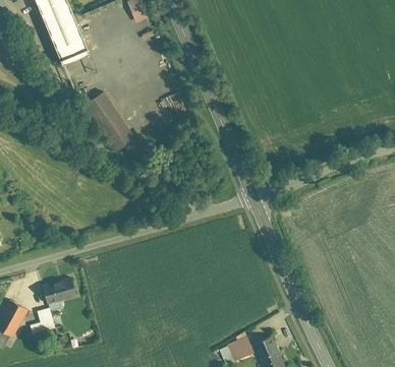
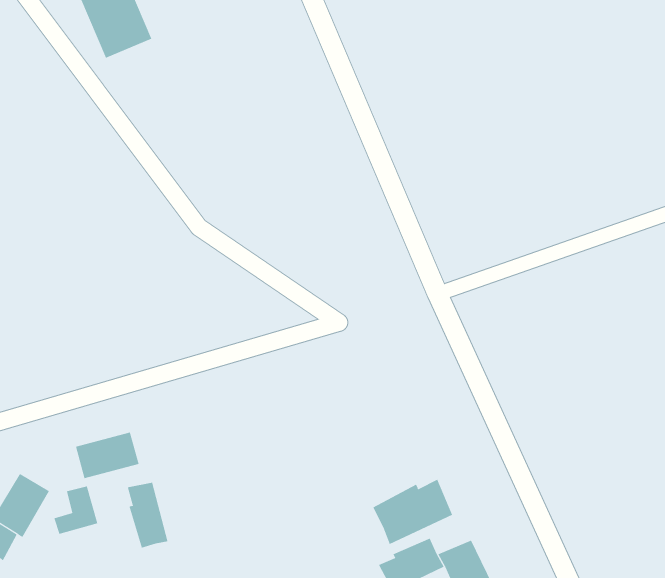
building: [86,94,131,149] -> none
building: none -> [372,479,453,545]
building: none -> [127,482,168,548]

